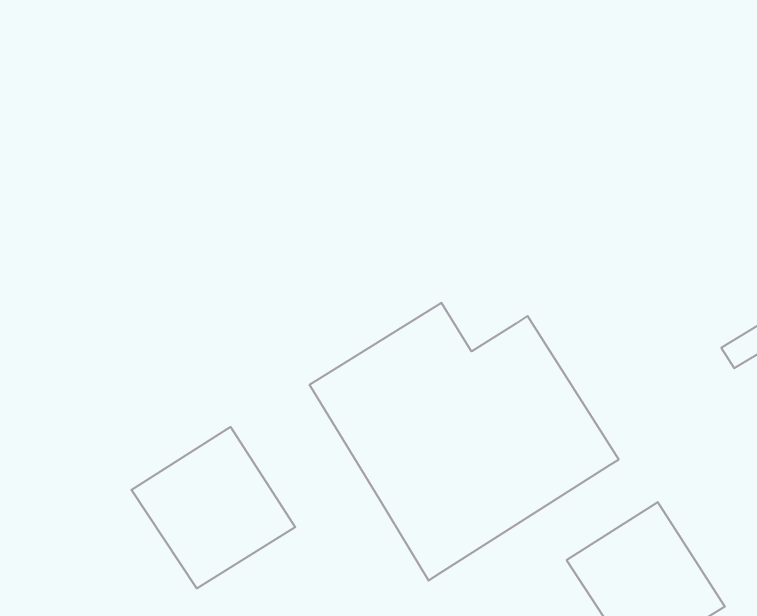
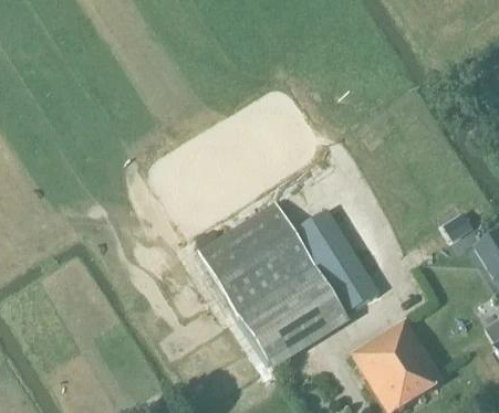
building: [131,427,295,588] -> none

